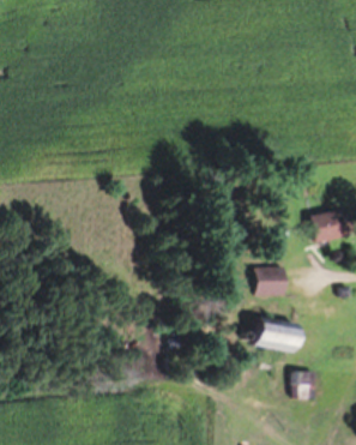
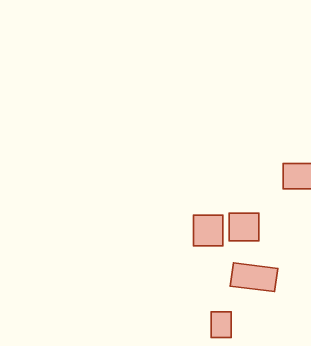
building: none -> [194,215,223,246]
building: [291,372,313,399] -> [211,312,231,337]

